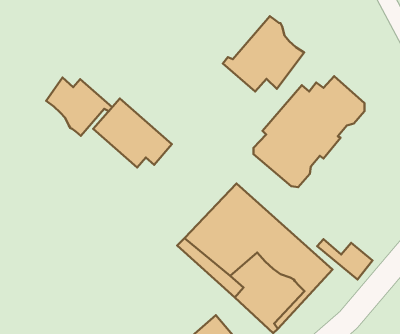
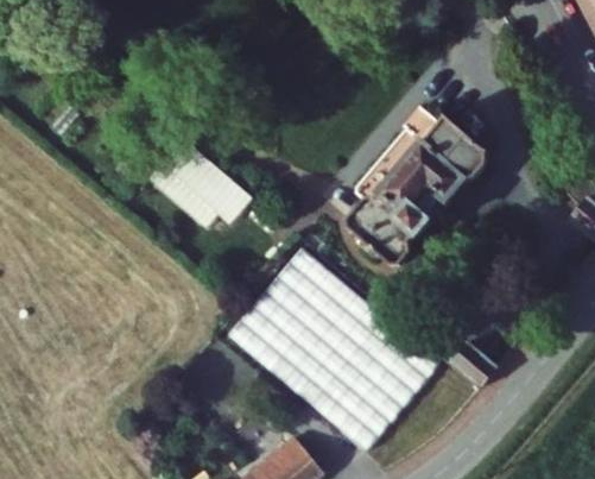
building: [223,16,304,92] -> none
building: [46,77,112,136] -> none

